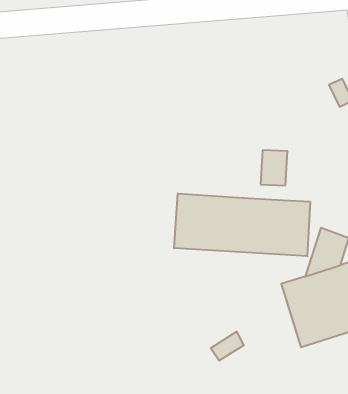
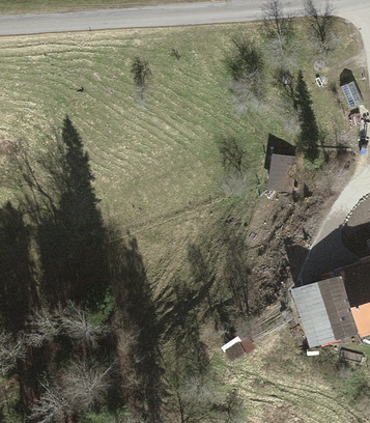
building: [174,193,310,256] -> none

